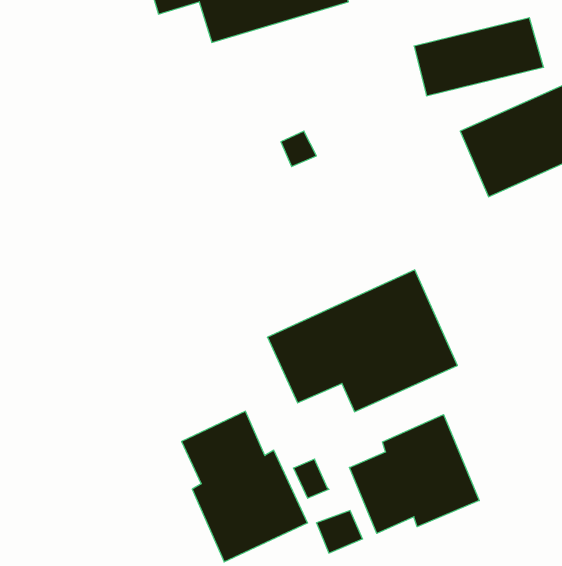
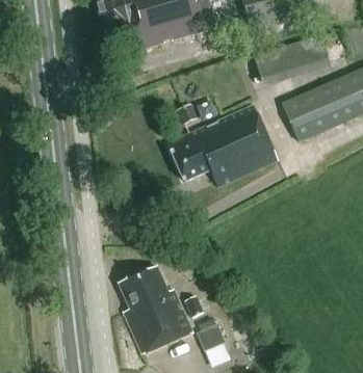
building: [267,270,457,412] -> [166,104,278,187]
building: [349,415,479,533] -> none

